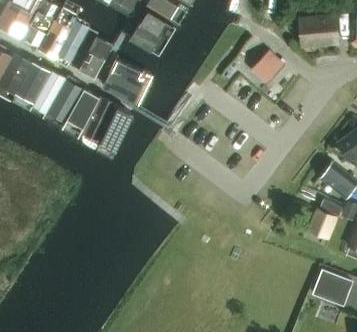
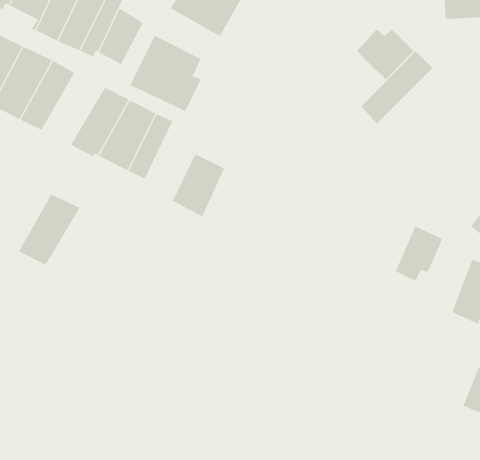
building: none -> [361,50,433,124]
building: [46,80,86,126] -> [18,194,81,266]
building: none -> [172,153,225,217]
building: none -> [395,225,443,281]

